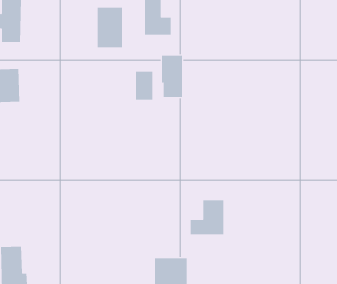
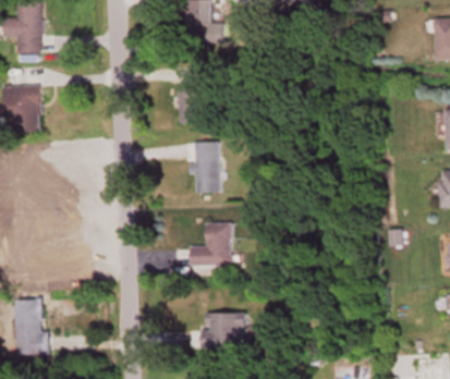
building: [97,7,122,48] -> none
building: [161,55,183,98] -> [193,142,219,193]
building: [190,200,224,235] -> [190,223,231,266]

